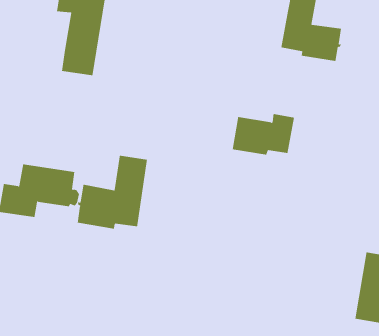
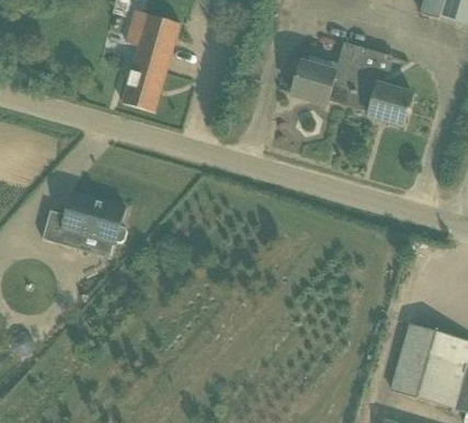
building: [232,113,295,155] -> [292,60,359,104]
building: [77,155,147,229] -> none

